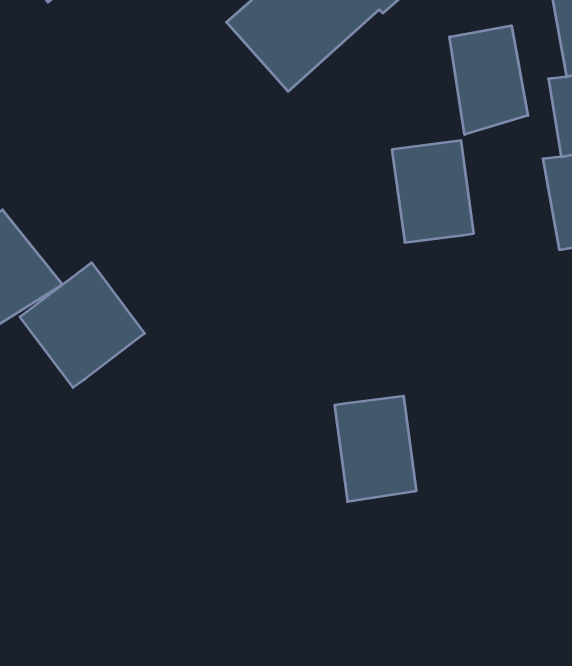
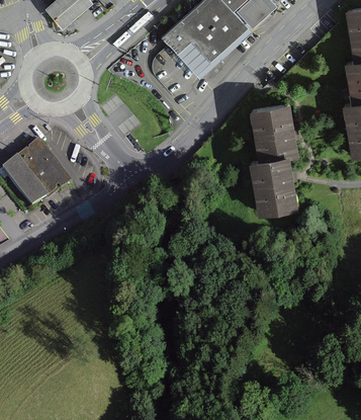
building: [450,26,528,135] -> none
building: [20,263,145,388] -> none
building: [335,396,416,502] -> [256,154,301,213]

